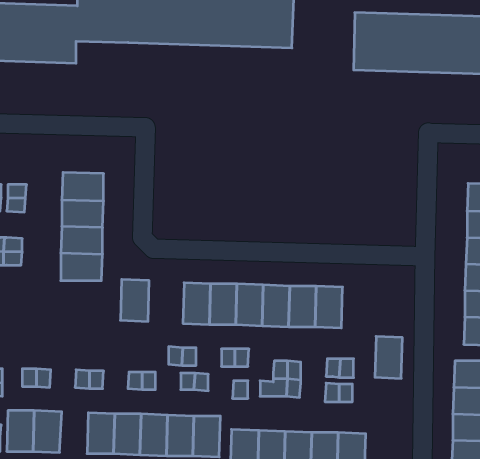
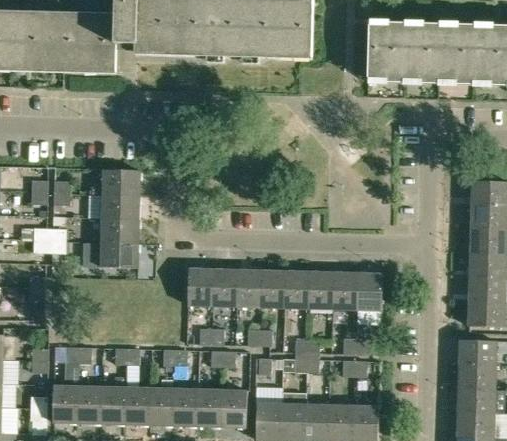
building: [120,279,149,321] -> [188,268,214,306]
building: [375,336,402,378] -> [357,273,382,311]
building: none -> [101,386,127,424]

